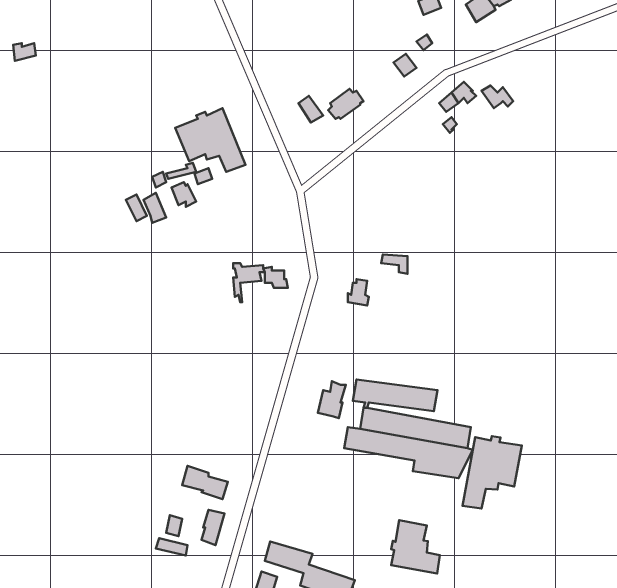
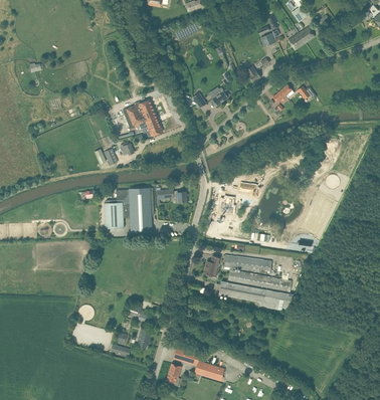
building: none -> [103,188,154,232]
building: [463,436,522,508] -> none
building: [391,520,440,574] -> none

